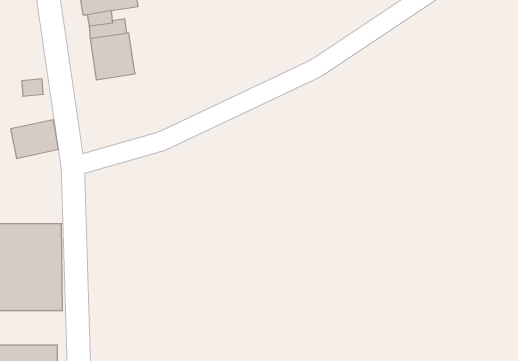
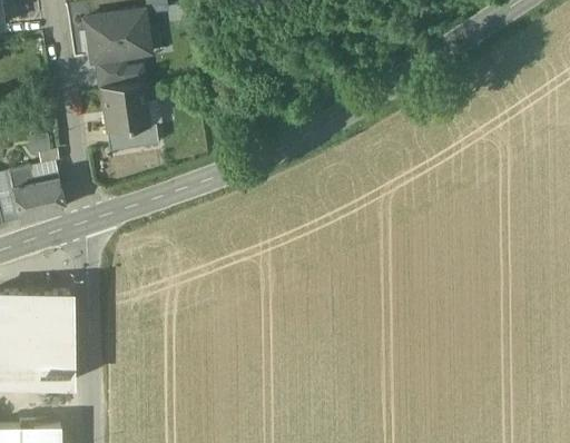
building: none -> [106,125,157,150]
building: none -> [9,159,59,187]

